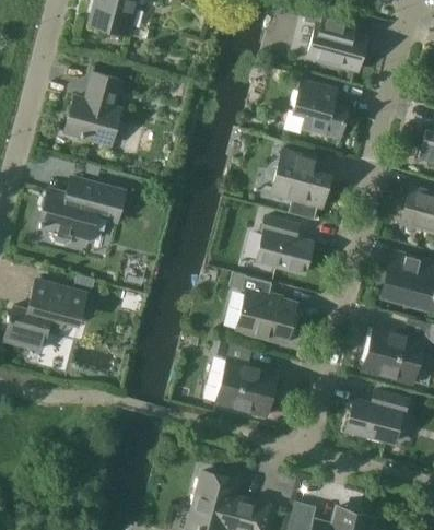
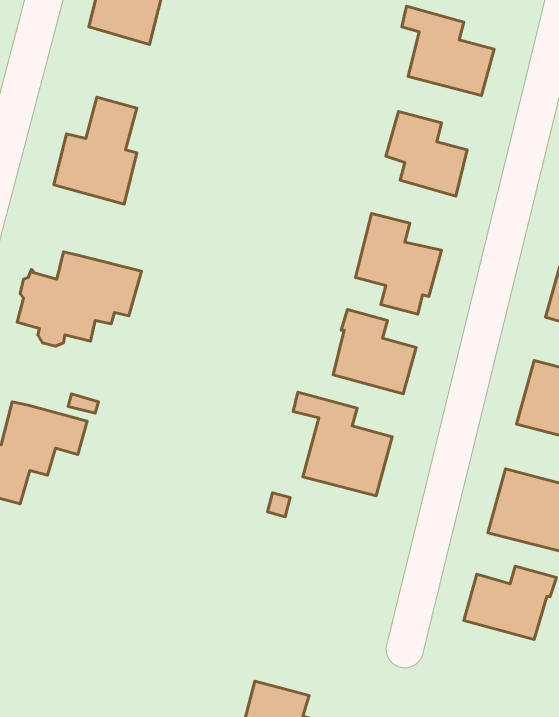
building: [215,360,278,416] -> none

